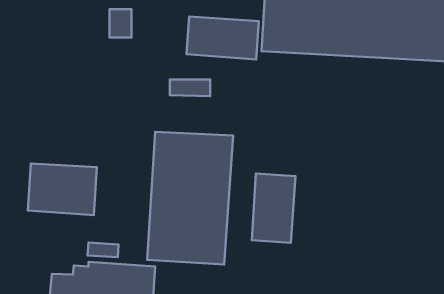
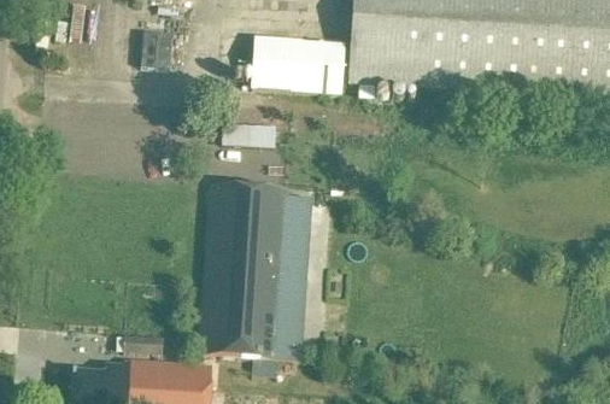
building: [28,164,97,215] -> none
building: [252,173,295,243] -> none

